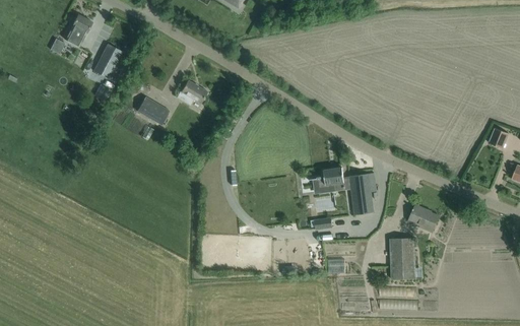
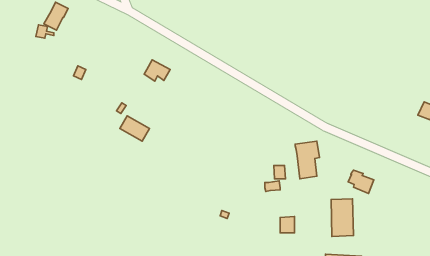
building: [92,44,121,78] -> none
building: [135,96,169,125] -> [120,116,149,141]
building: [314,168,349,191] -> none

